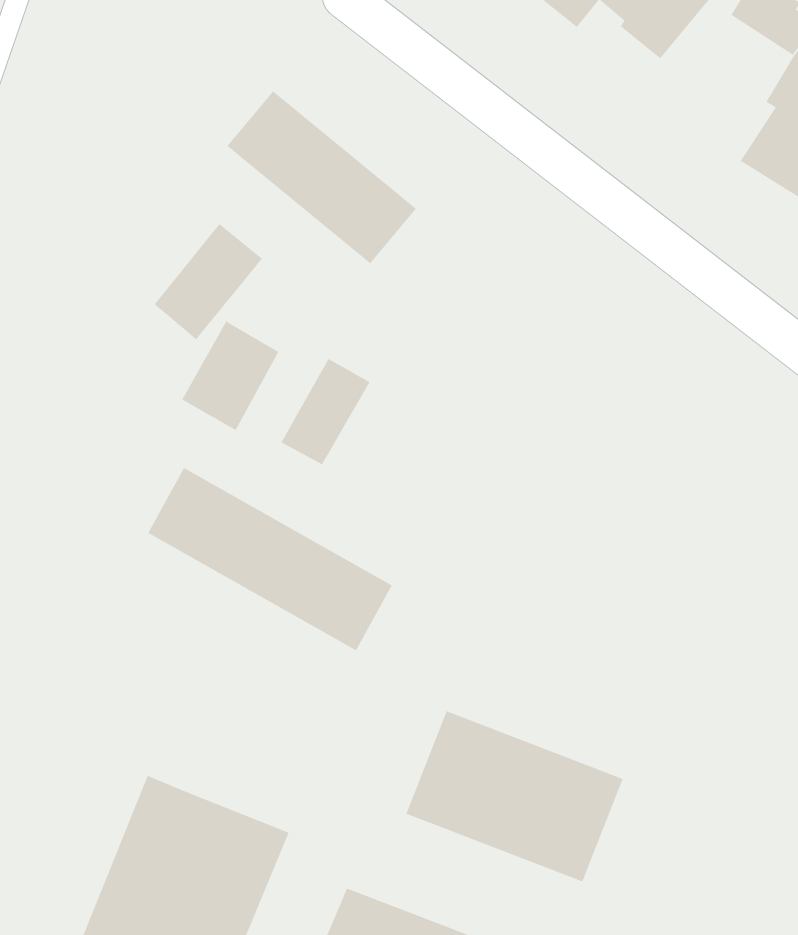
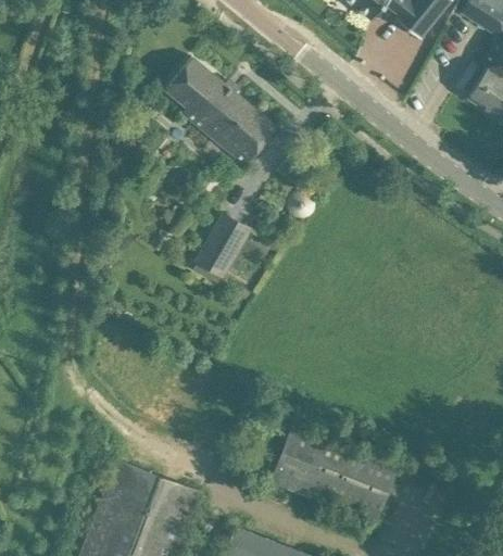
building: [154,223,263,341] -> none
building: [181,320,279,431] -> none
building: [147,467,393,651] -> none

